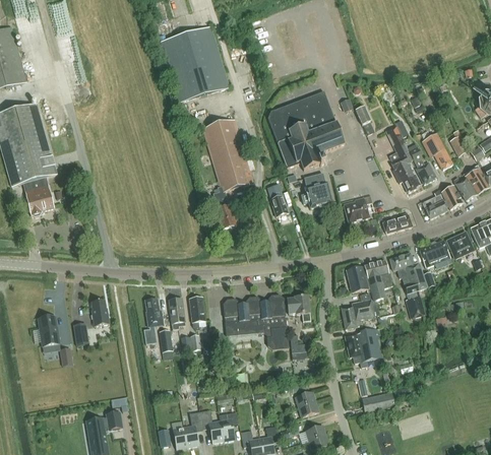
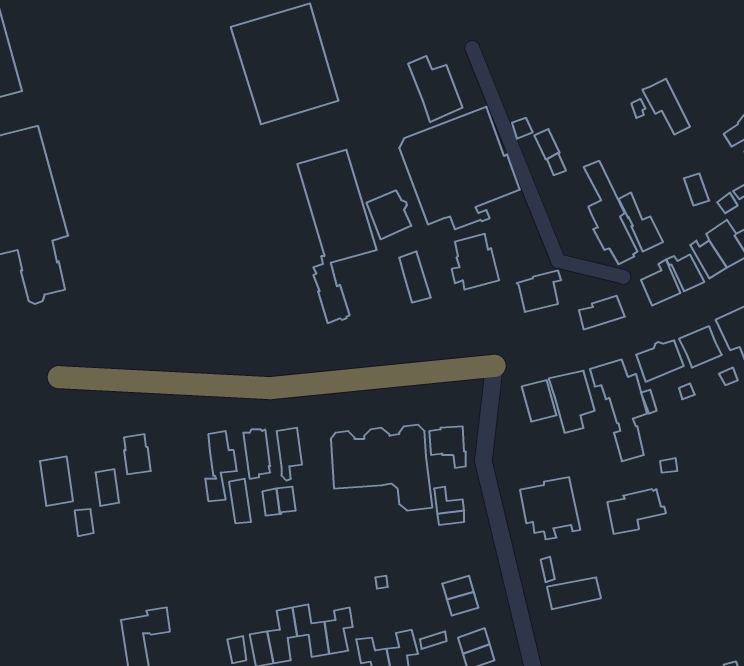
building: none -> [408,56,463,122]
building: [421,134,451,170] -> [642,79,690,134]
building: none -> [367,190,411,239]
building: [342,300,379,328] -> [607,489,666,534]

